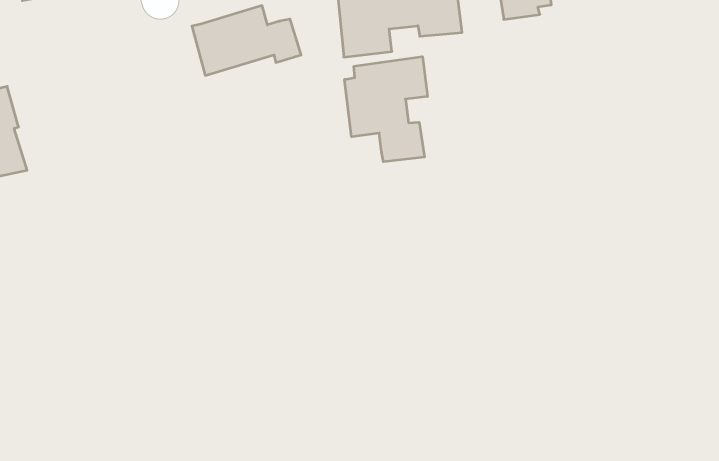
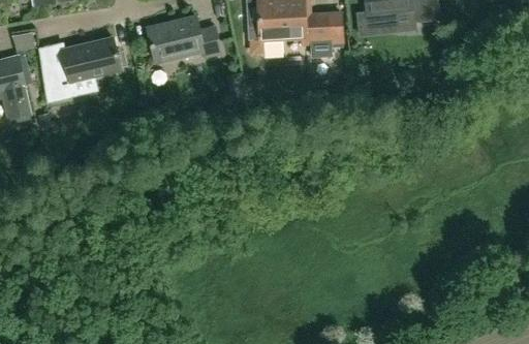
building: none -> [48,38,120,100]
building: [345,57,427,162] -> none

